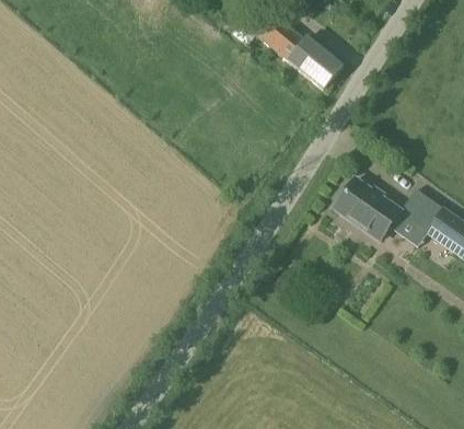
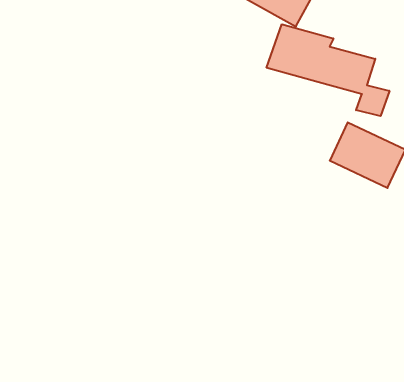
building: none -> [267,24,389,116]

